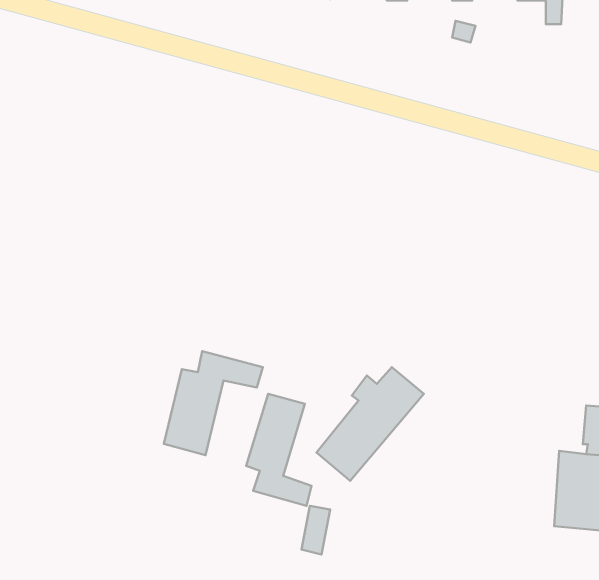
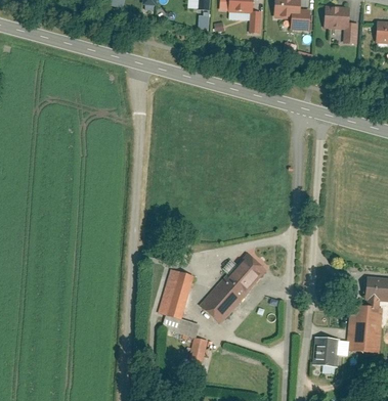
building: [164,351,263,455] -> none
building: none -> [312,337,340,366]

